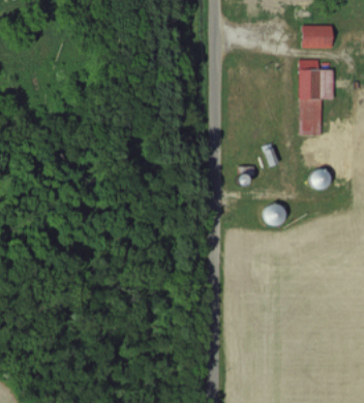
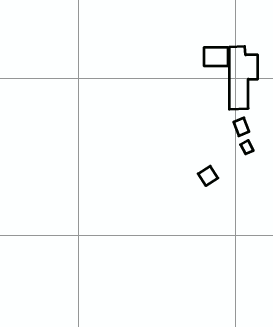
building: [303,26,332,48] -> [204,48,228,66]

